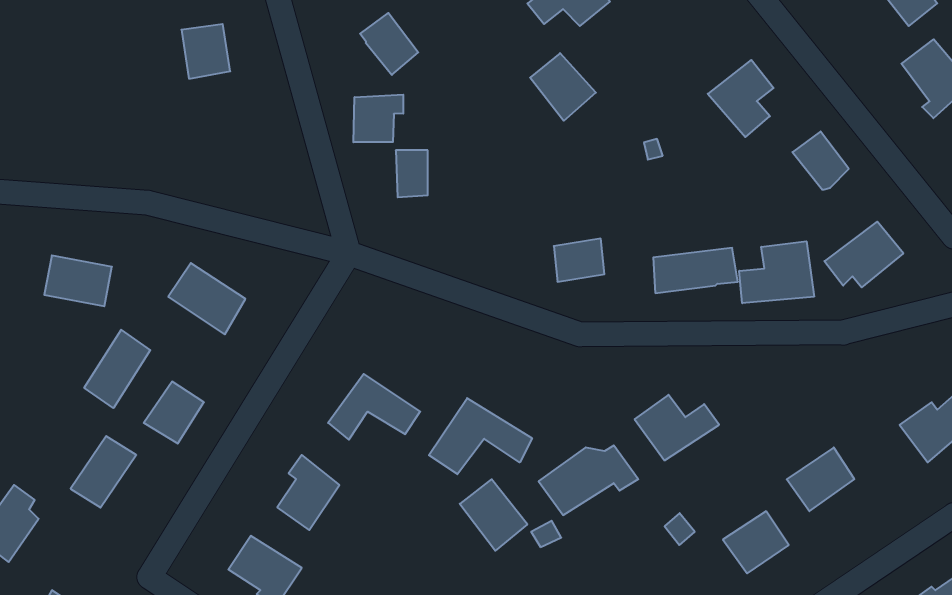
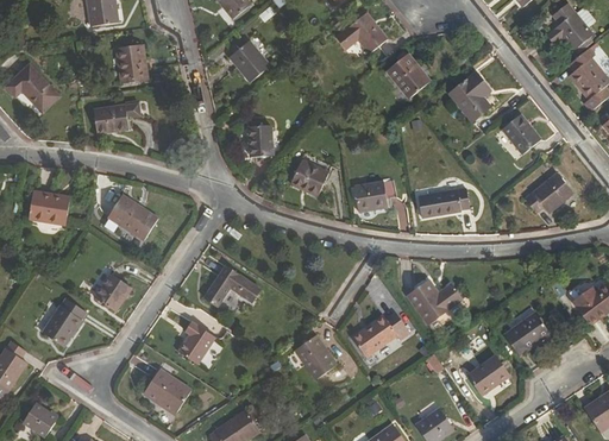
building: none -> [11,64,65,115]
building: [530,53,596,121] -> [389,49,431,92]
building: [353,95,403,142] -> none
building: none -> [93,100,140,134]
building: none -> [291,162,327,194]
building: [739,241,814,303] -> none
building: [84,330,150,408] -> none
building: [429,398,532,474] -> none

